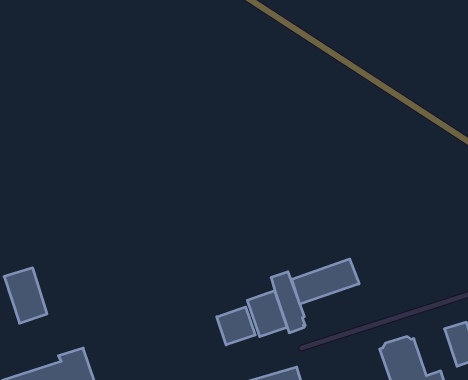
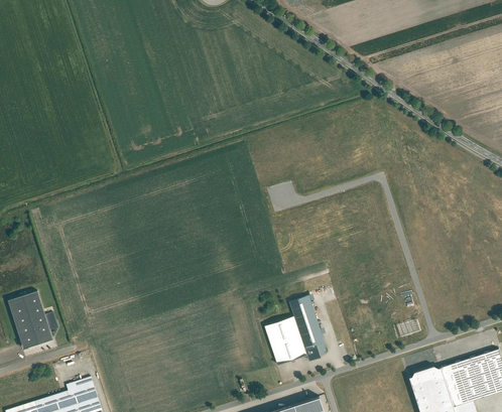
building: [292,259,359,304] -> none
building: [217,307,255,345] -> none
building: none -> [442,357,487,406]

